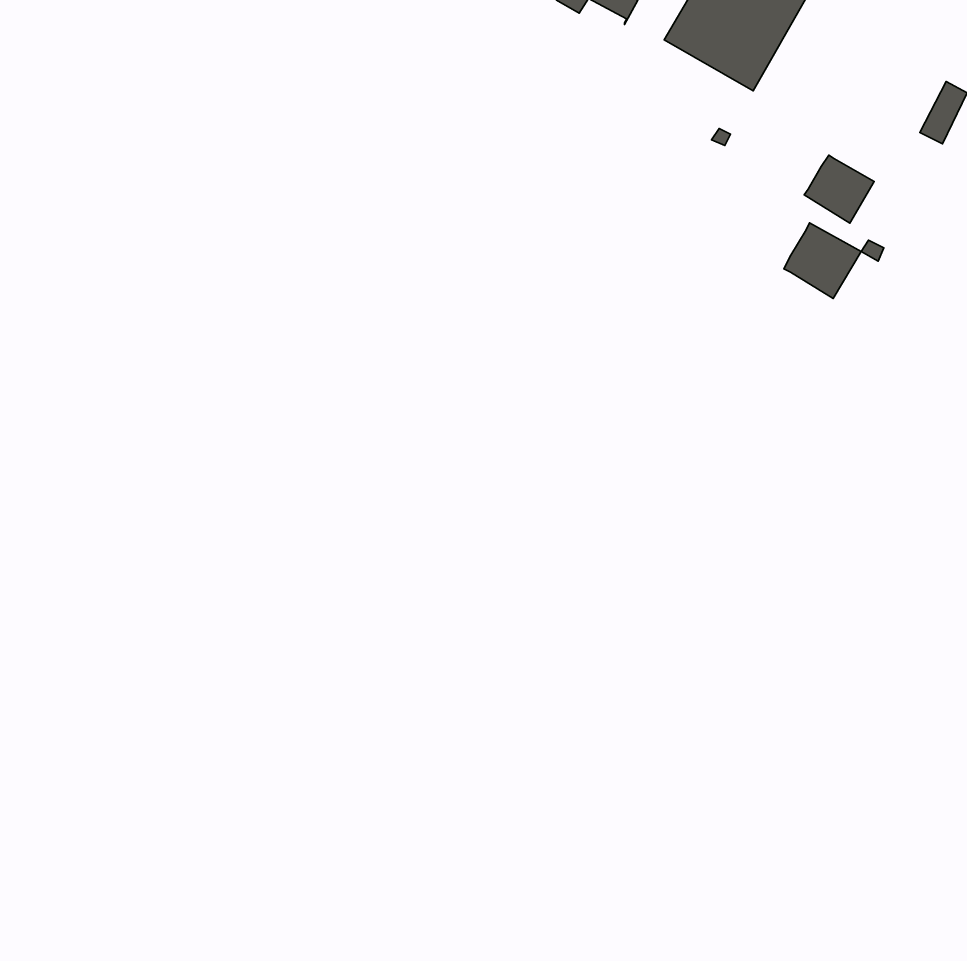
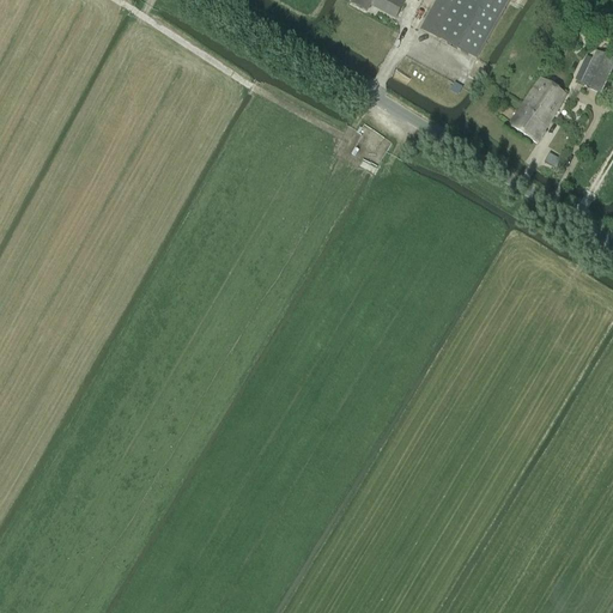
building: none -> [524,75,566,115]
building: [784,223,861,298] -> none

